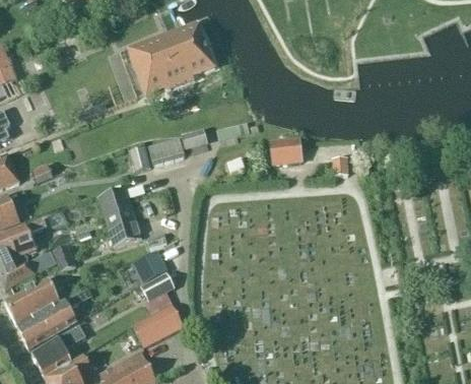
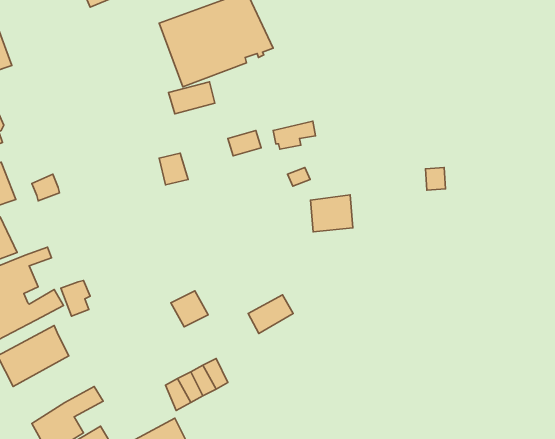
building: [147,137,183,162] -> [168,82,215,114]
building: [269,137,301,166] -> [310,195,353,232]
building: [97,187,141,246] -> none
building: [139,272,174,302] -> [248,295,293,333]
building: [16,300,76,349] -> none

